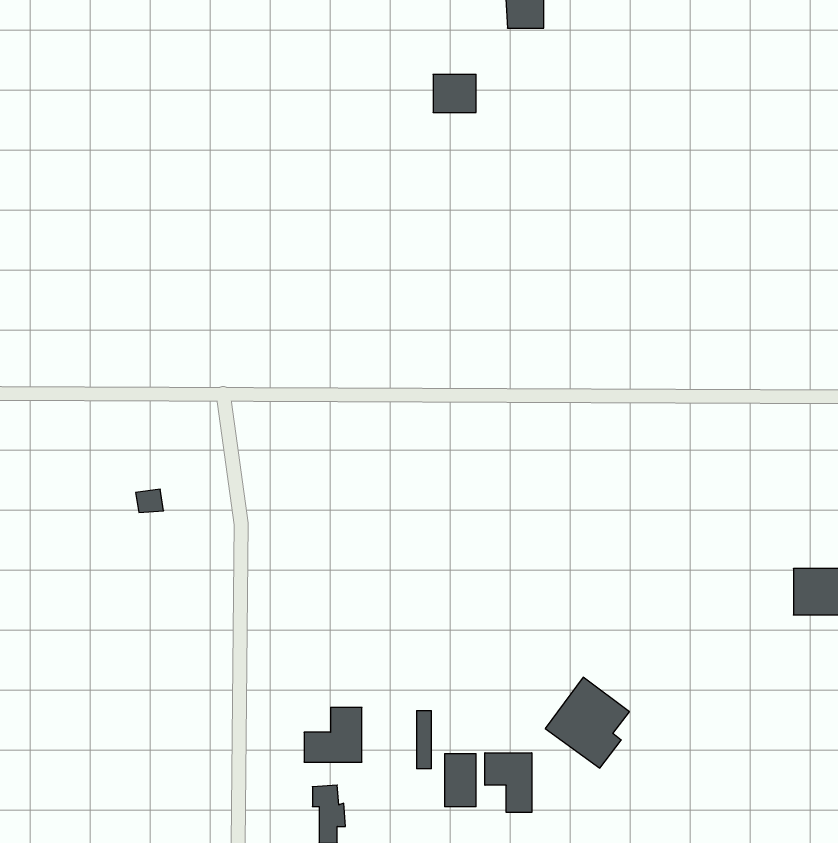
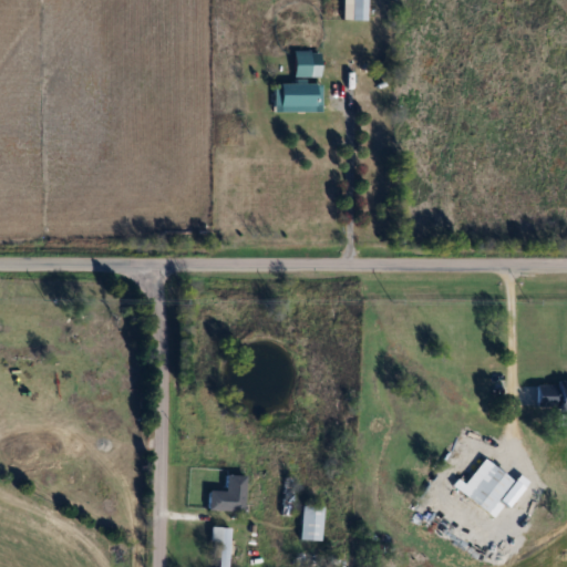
building: none -> [275,83,323,112]
building: [545,677,629,768] -> [458,456,515,517]
building: [485,753,532,812] -> none

